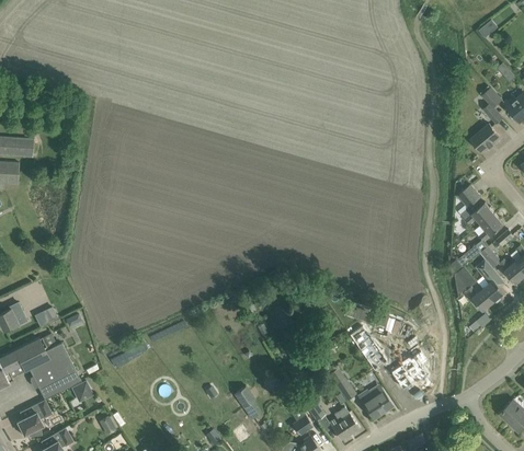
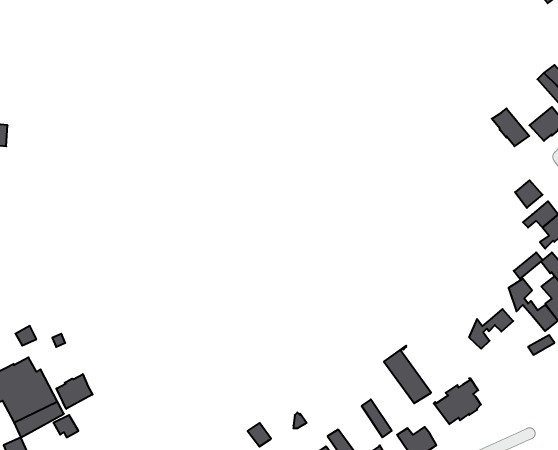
building: none -> [492,108,529,146]
building: none -> [469,309,513,349]
building: none -> [56,374,93,409]

